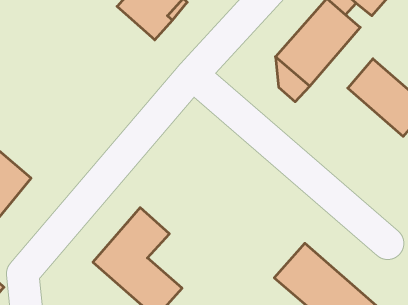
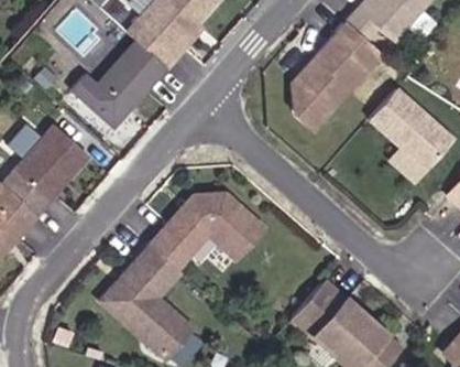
building: none -> [70,40,166,127]
building: none -> [12,123,87,201]
building: none -> [151,193,265,269]

